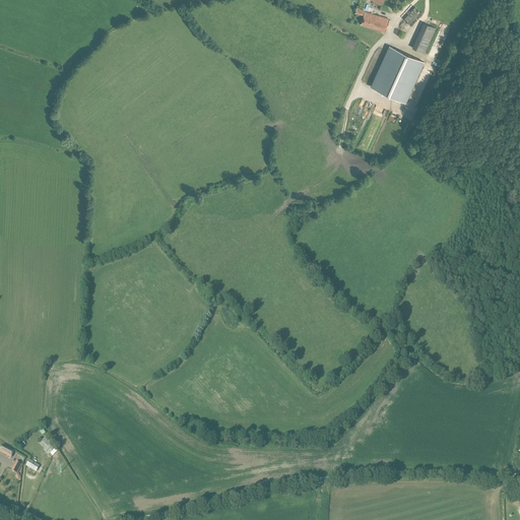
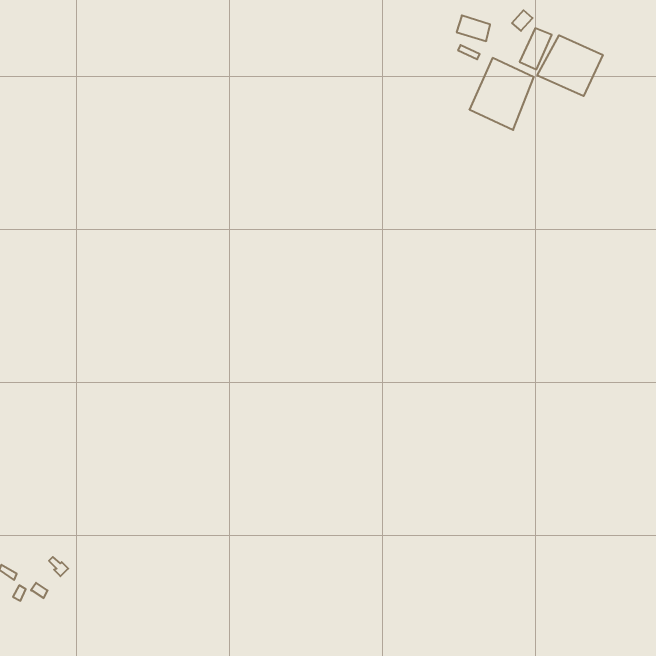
building: none -> [537,35,603,96]

